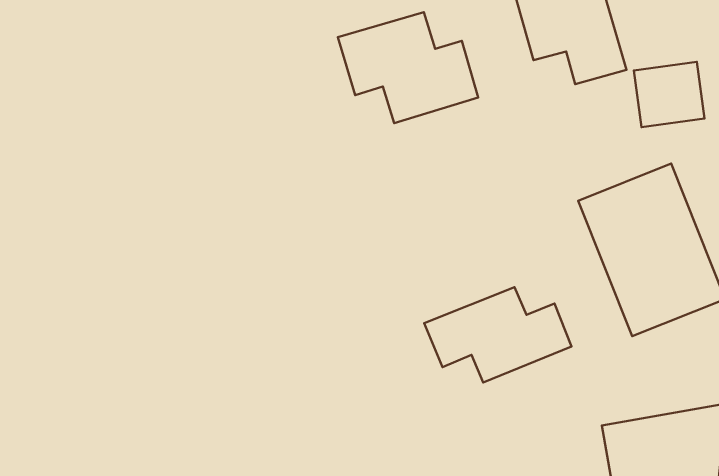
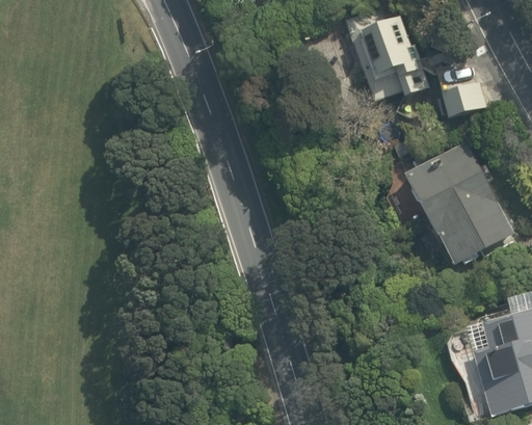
building: [338,12,478,123] -> none
building: [424,287,572,383] -> none

